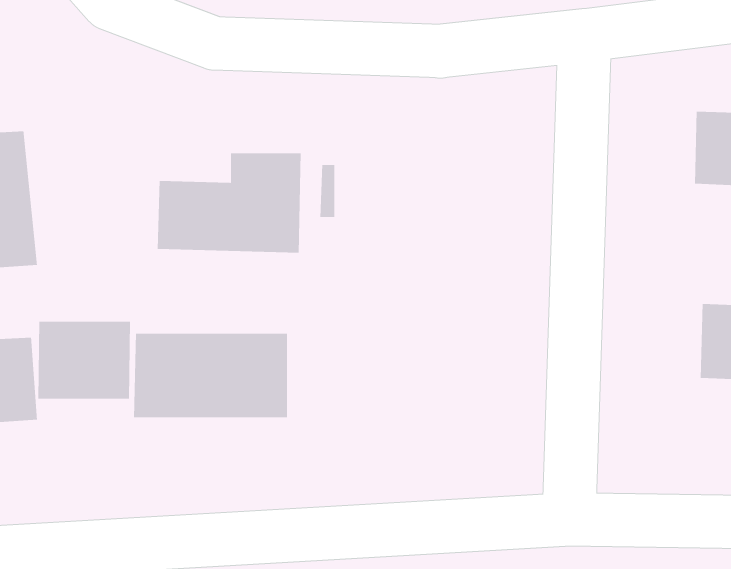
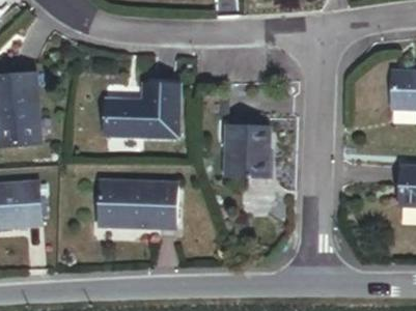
building: none -> [227,126,274,178]
building: [38,321,131,399] -> none

